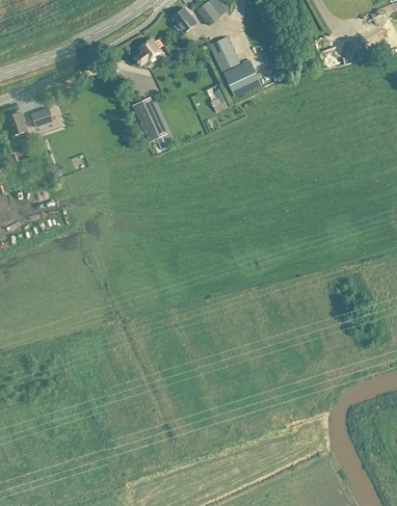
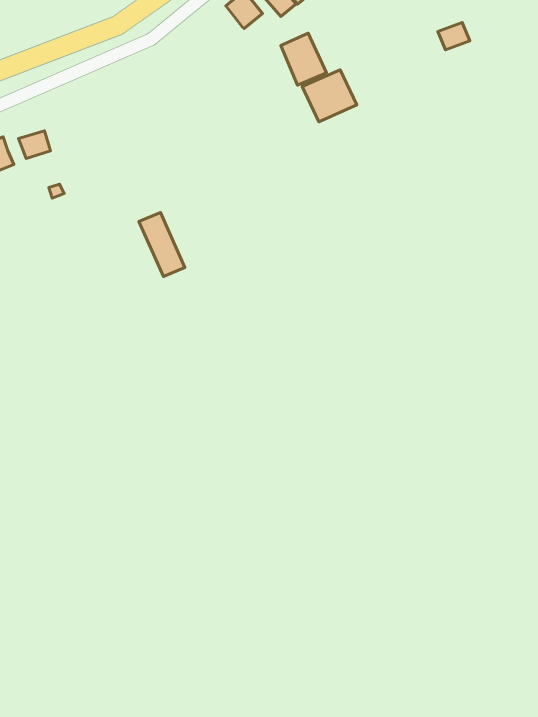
building: [134,38,163,65] -> none
building: [133,99,164,142] -> [139,212,185,277]

